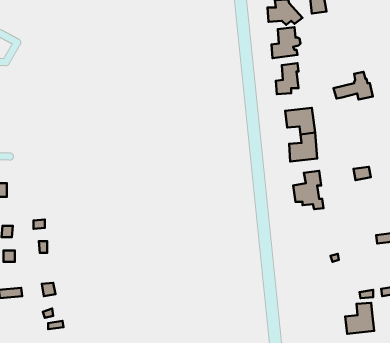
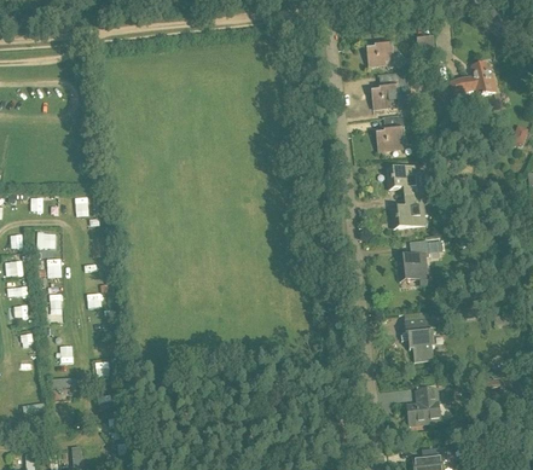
building: [334,72,373,100] -> [448,63,494,95]
building: none -> [404,312,435,361]
building: [345,303,374,334] -> [406,389,440,425]

